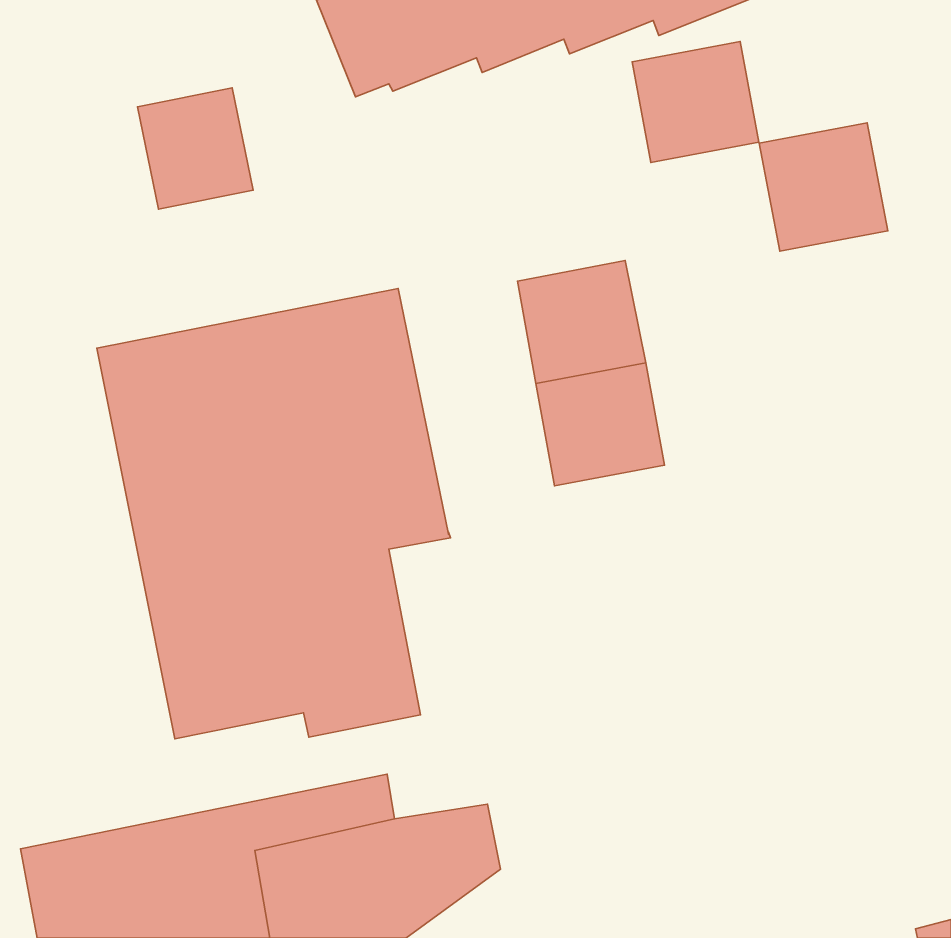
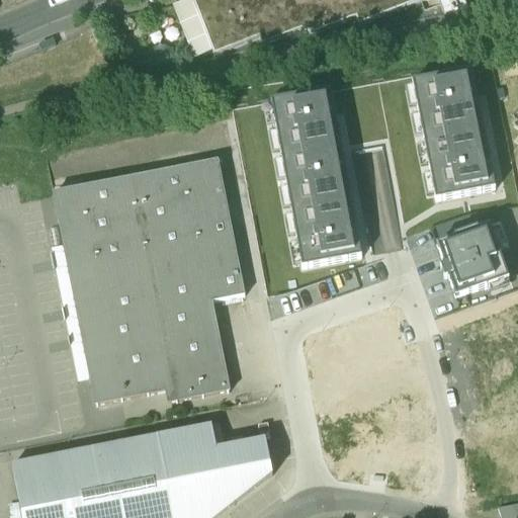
building: [632,42,759,162] -> [271,87,340,153]
building: [137,88,253,209] -> none
building: none -> [424,125,495,196]
building: none -> [437,223,508,294]

